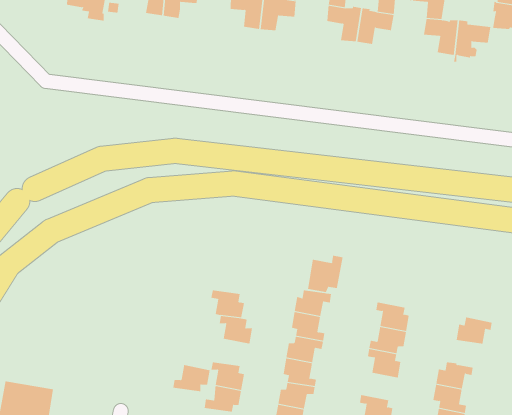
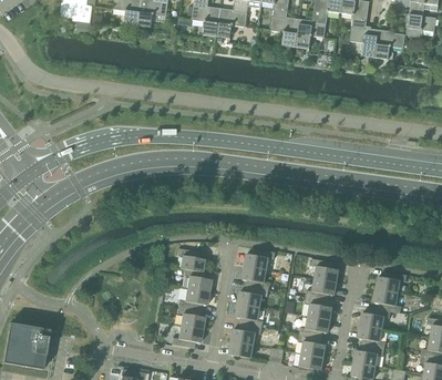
building: [307,255,343,293] -> none
building: none -> [374,289,402,312]
building: [173,365,211,392] -> [178,288,209,310]
building: none -> [299,316,330,338]

